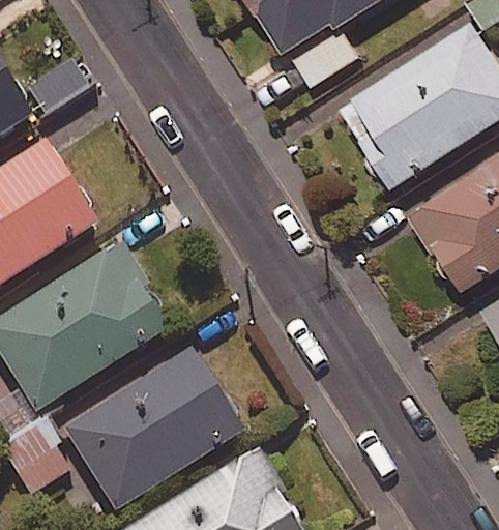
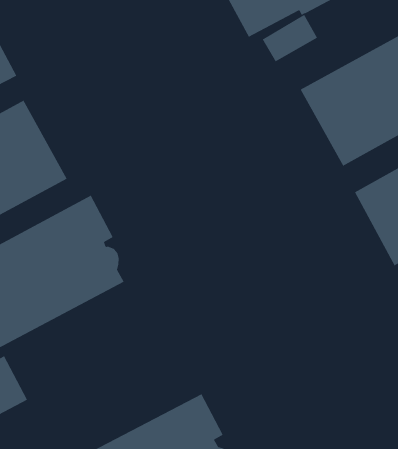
building: [61,346,243,511] -> none

